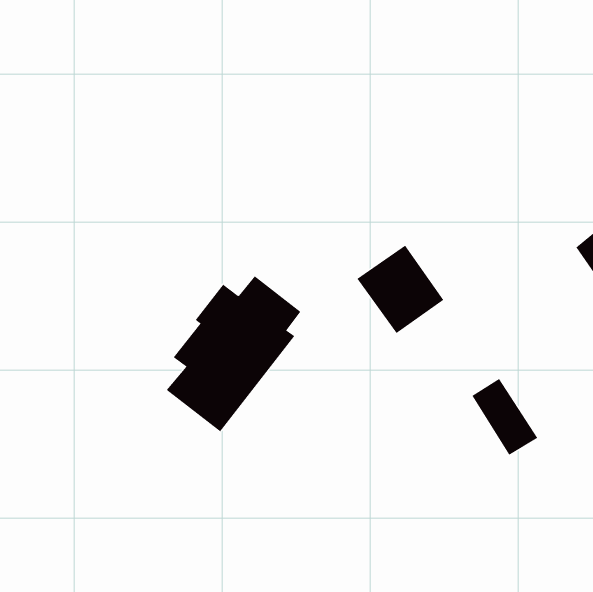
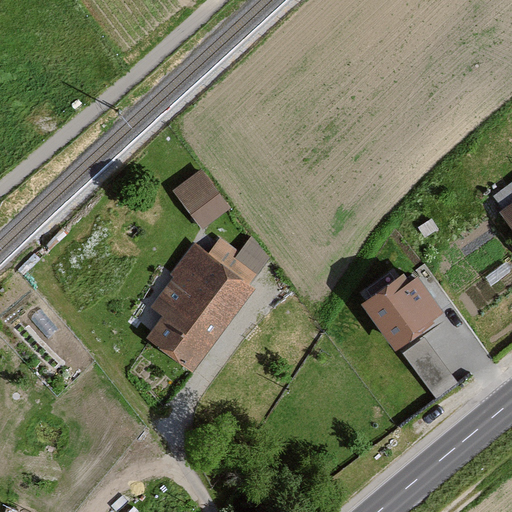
building: none -> [176,170,230,228]
building: [357,245,444,334] -> [357,272,432,348]

